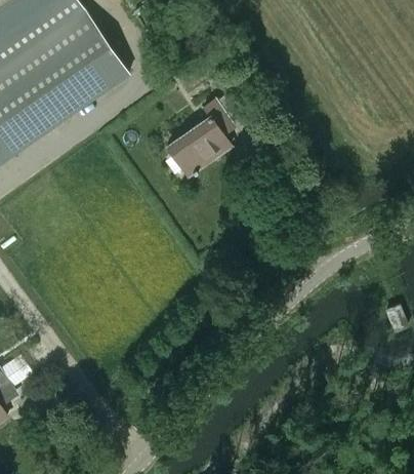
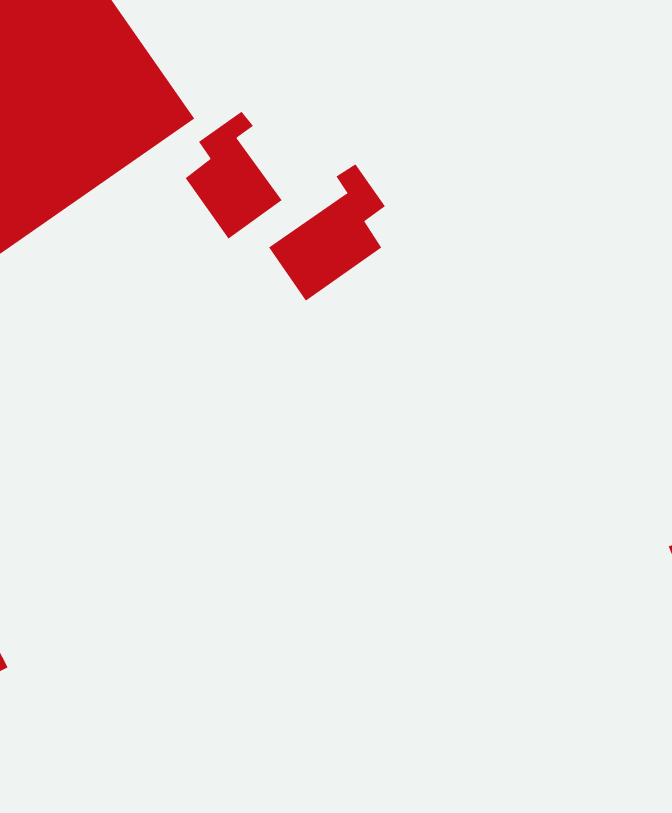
building: none -> [185,111,283,239]

